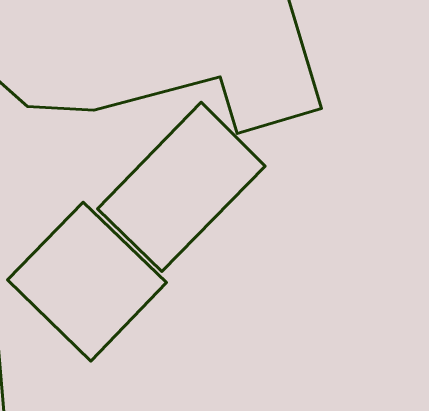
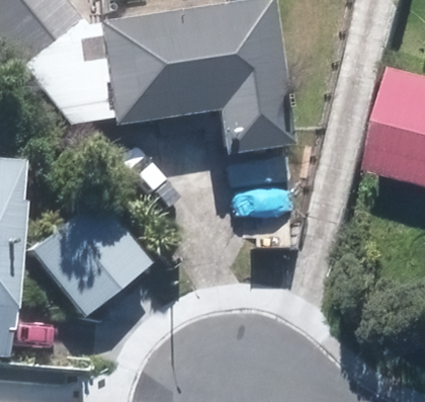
building: [97,102,265,271] -> none

